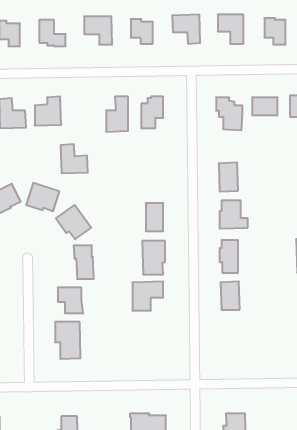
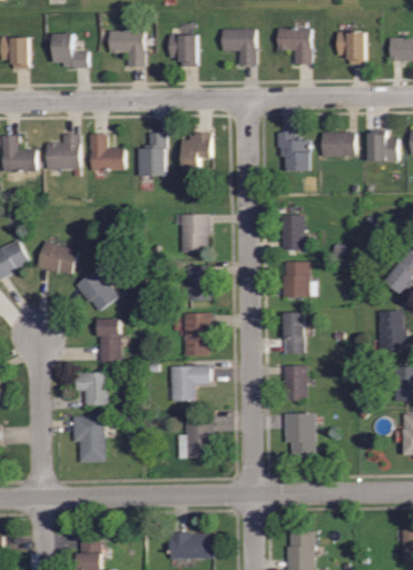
building: [61,144,88,173] -> [89,131,124,168]
building: none -> [171,215,209,252]
building: none -> [283,412,316,456]
building: none -> [177,422,214,459]

